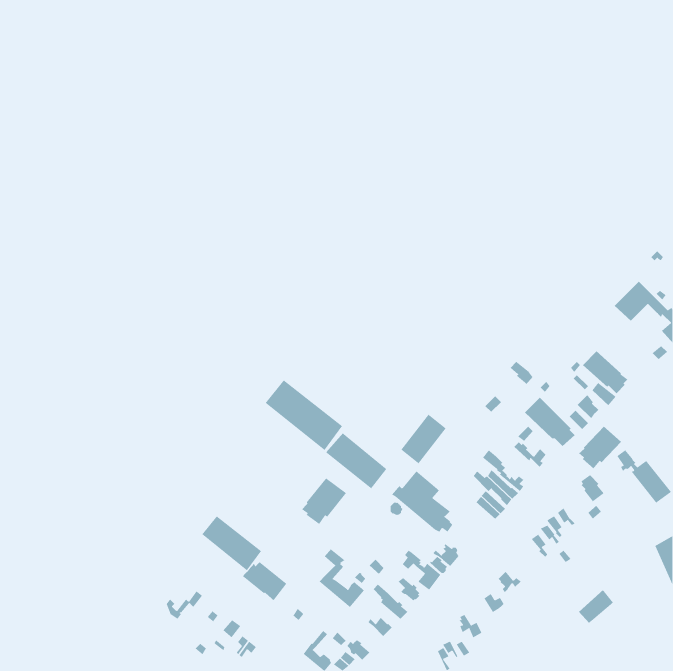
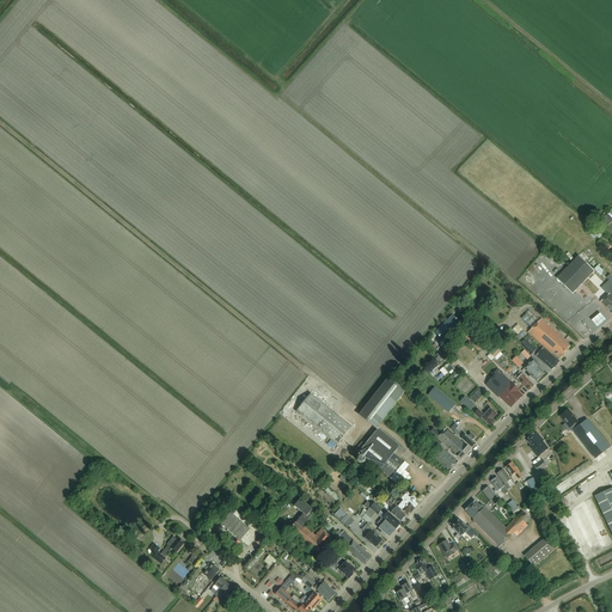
building: [265,380,343,451] -> none
building: [578,426,622,469] -> none
building: [301,477,347,525] -> none
building: [201,516,262,571] -> none
building: none -> [465,498,530,546]

